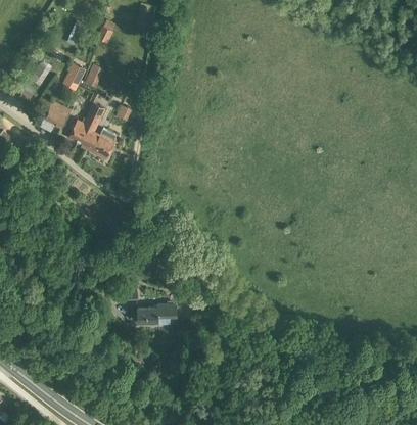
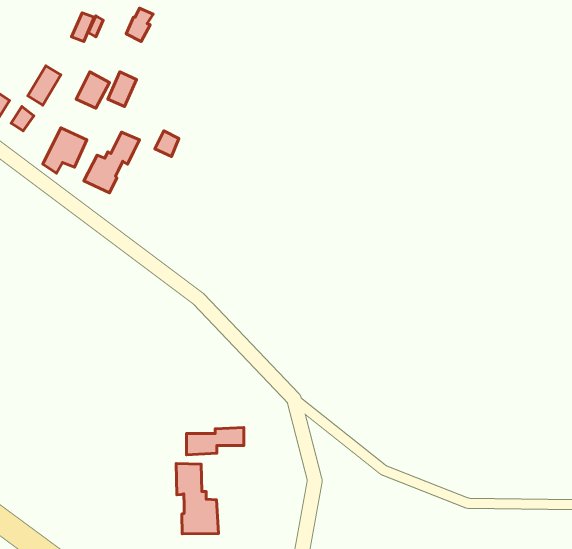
building: [86,124,117,159] -> none
building: none -> [176,463,218,534]

